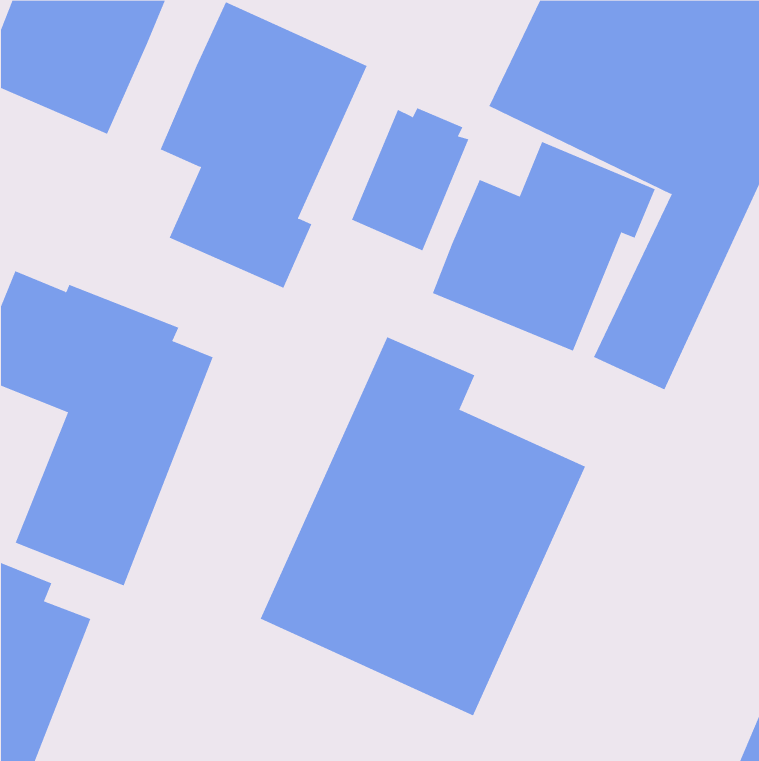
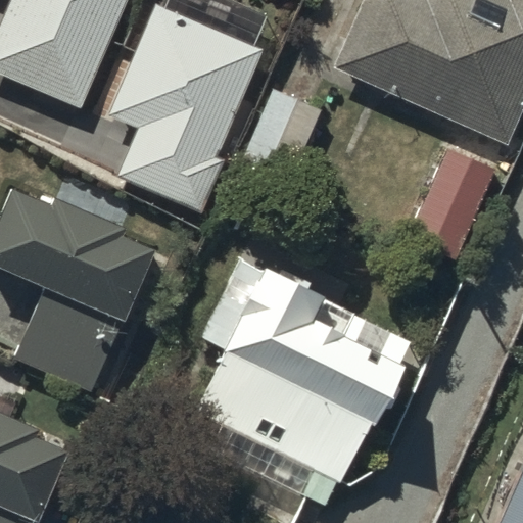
building: [432,141,656,352] -> none

